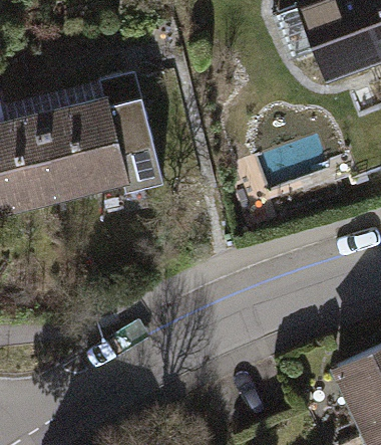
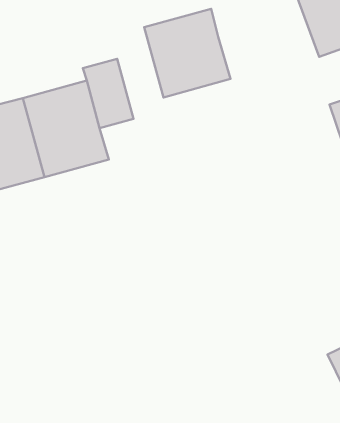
building: none -> [144,9,230,97]

